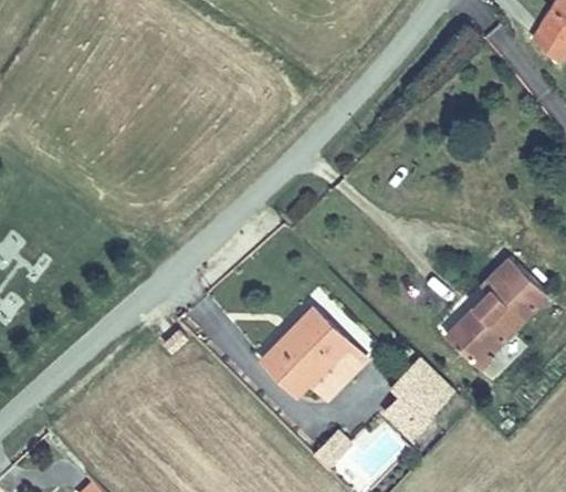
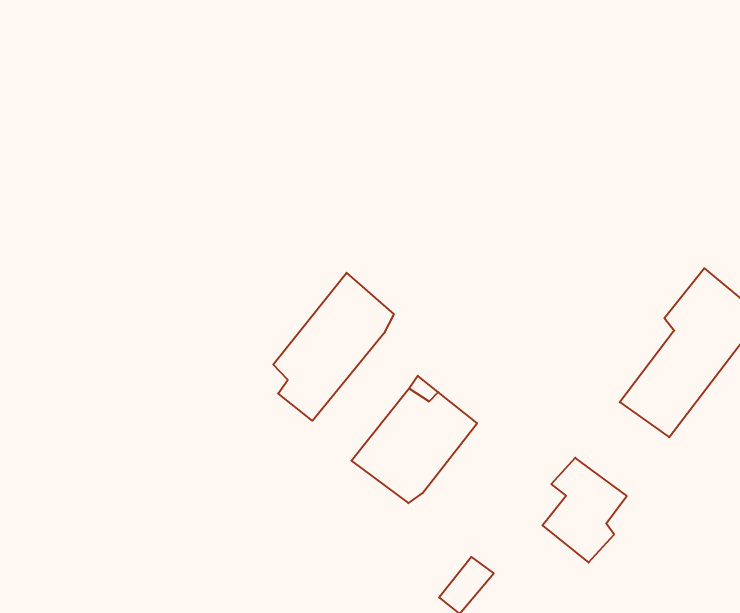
building: none -> [273,273,394,421]
building: [311,342,368,398] -> none

